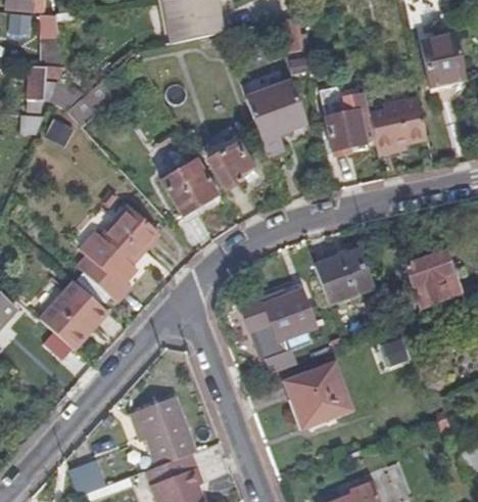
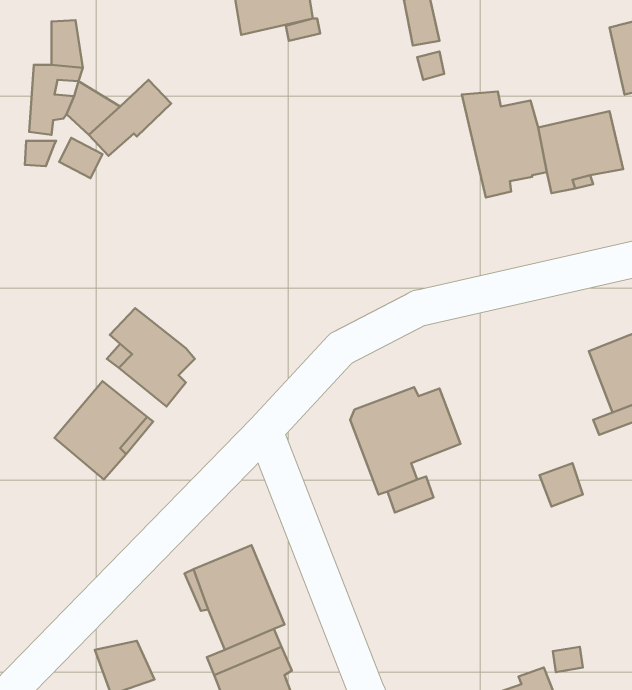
building: [249,87,309,162] -> none
building: [203,138,250,189] -> none
building: [163,157,221,221] -> none
building: [101,208,154,261] -> none
building: [317,247,373,302] -> none
building: [287,364,351,425] -> none

